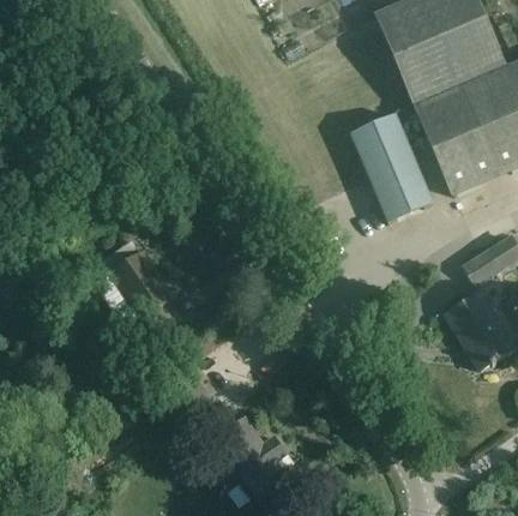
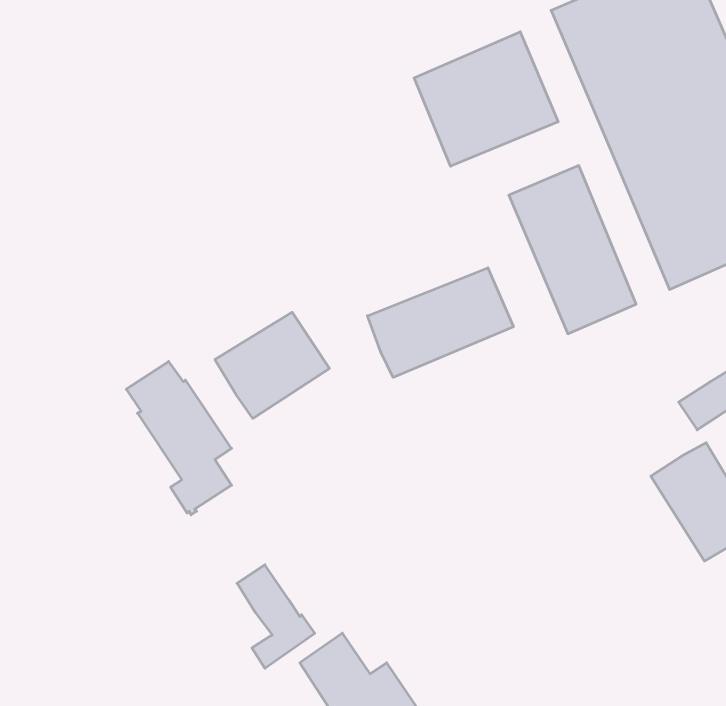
building: none -> [414,32,558,166]
building: none -> [367,268,513,377]
building: none -> [215,312,329,418]

